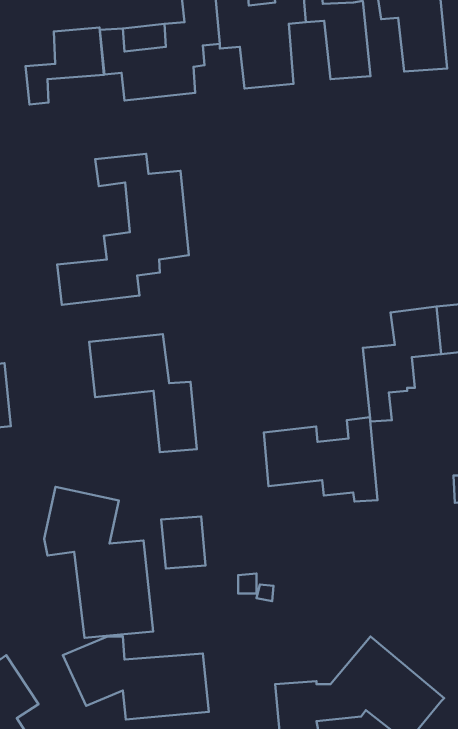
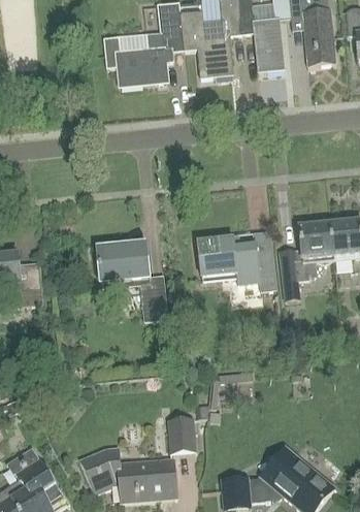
building: [25,27,104,104] -> none
building: [57,154,189,305] -> none
building: [264,417,378,502] -> [198,232,274,289]
building: [44,487,153,638] -> none
building: [161,516,206,569] -> [167,418,197,453]

